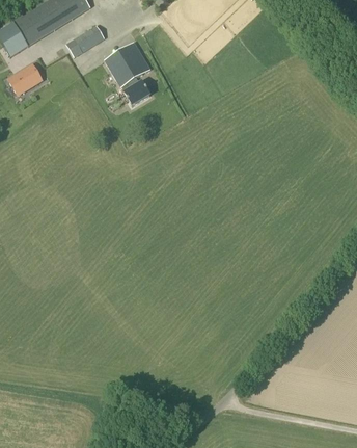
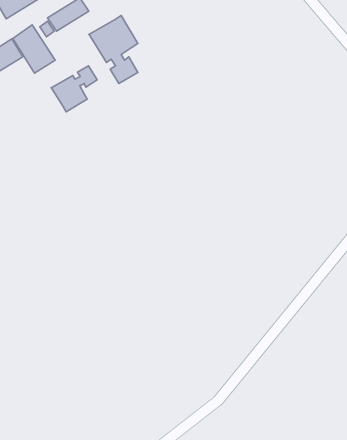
building: none -> [13,25,55,73]
building: none -> [51,66,97,112]

